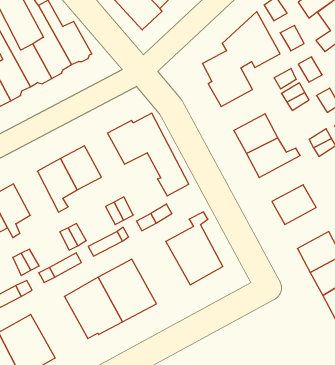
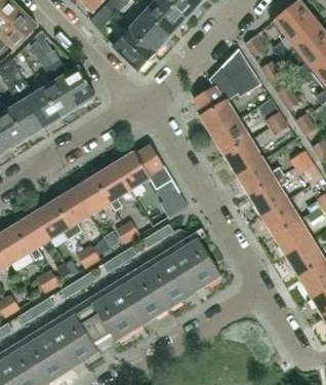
building: none -> [211,118,250,155]
building: none -> [93,163,129,210]
building: none -> [248,174,287,216]
building: none -> [33,200,74,239]
building: none -> [273,219,312,256]
building: none -> [140,256,193,311]
building: none -> [54,309,106,363]

